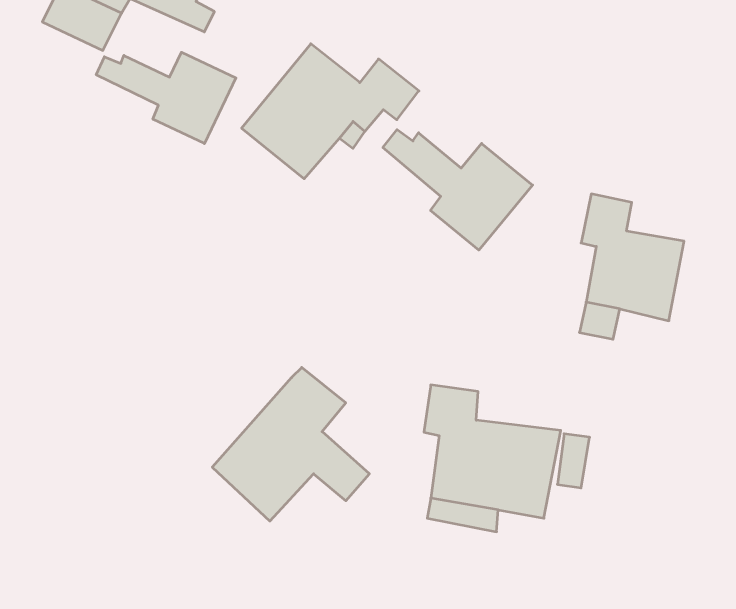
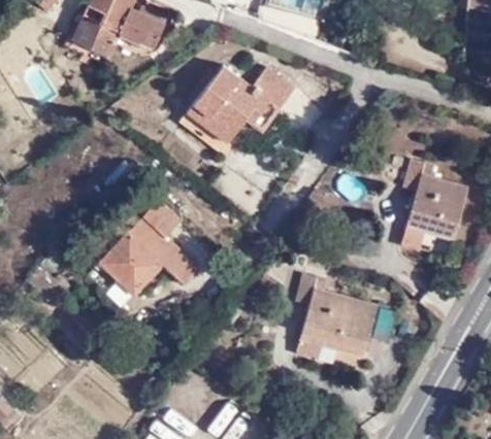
building: [96,52,236,144] -> none
building: [383,130,533,250] -> none
building: [212,367,369,521] -> [104,199,200,293]

